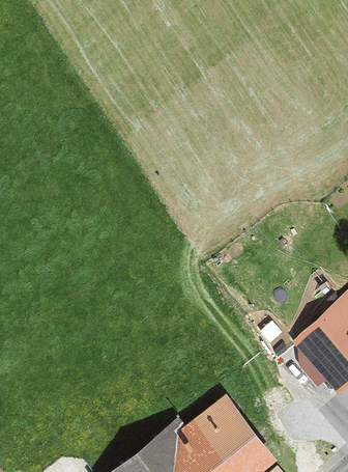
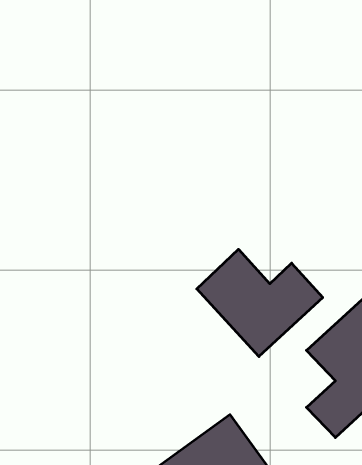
building: none -> [197,249,323,357]

